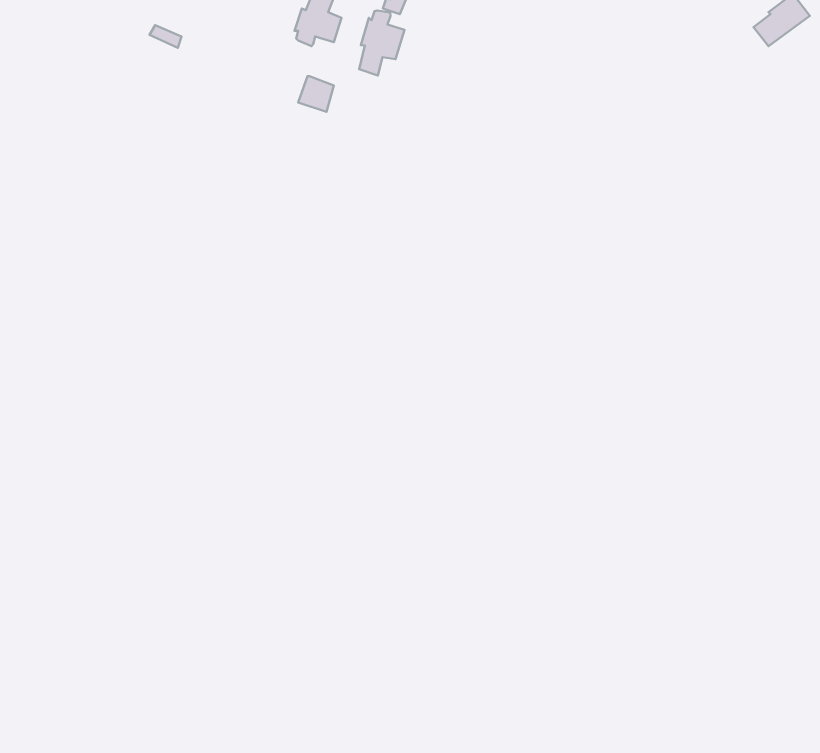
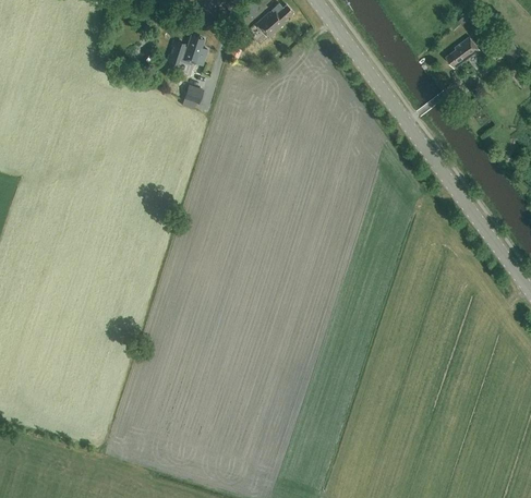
building: [359,11,405,76] -> none

